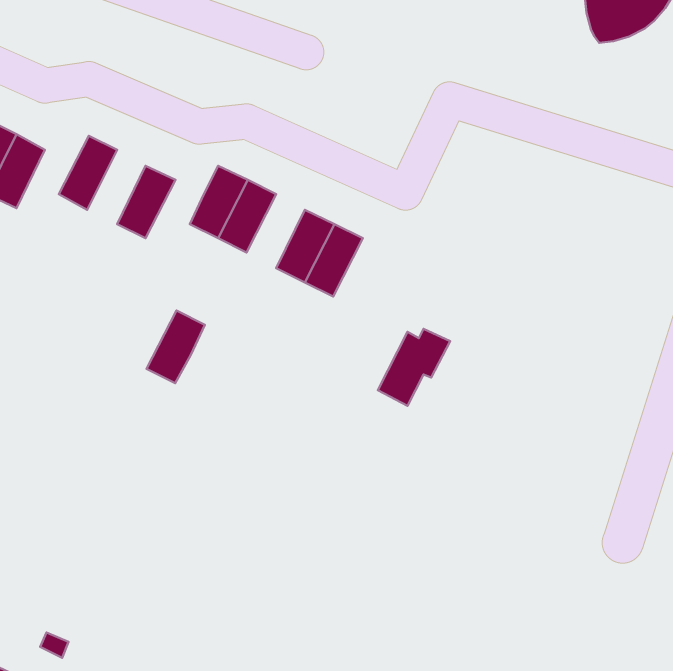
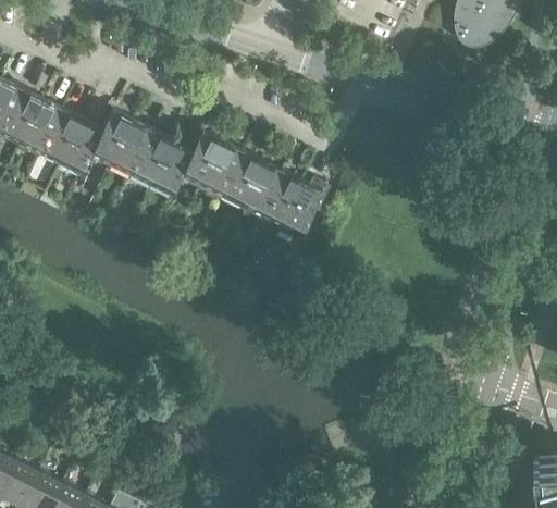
building: none -> [62,111,112,171]
building: none -> [111,121,151,172]
building: none -> [221,151,261,202]
building: [147,311,205,383] -> [151,141,191,191]
building: [378,329,450,406] -> [281,179,331,233]

